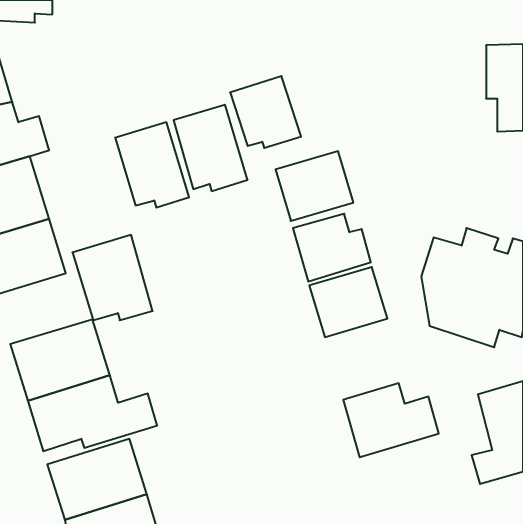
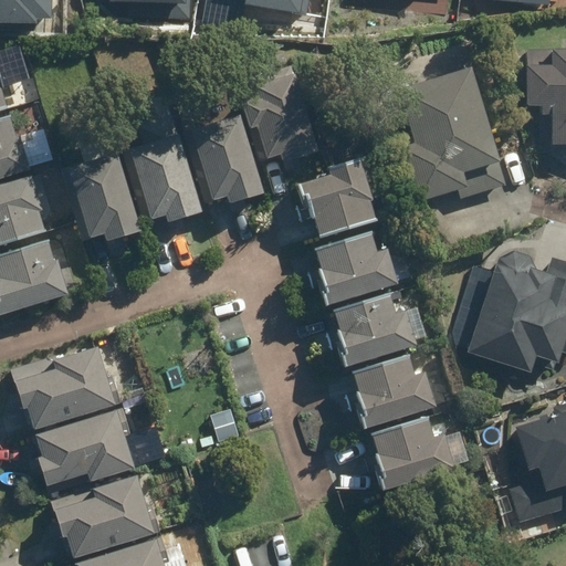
building: none -> [406,65,509,199]
building: [72,235,153,320] -> [55,150,142,242]
building: none -> [350,354,436,426]

